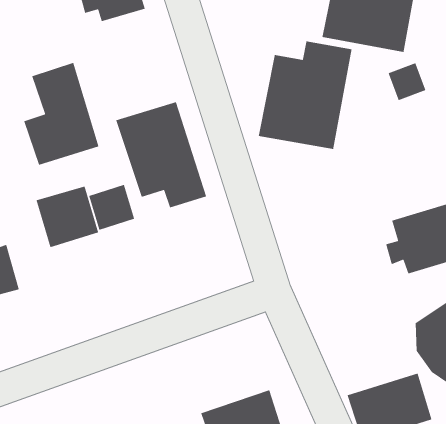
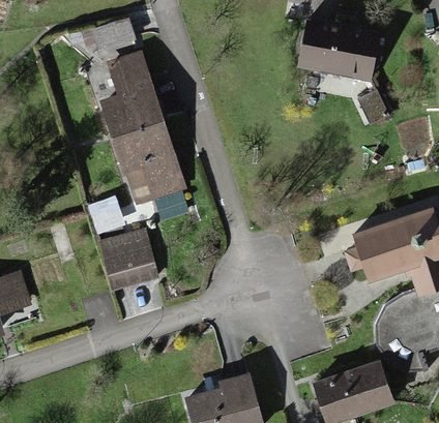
building: [258,40,353,150] -> none
building: [23,62,100,166] -> [98,51,166,142]
building: [36,186,99,248] -> [100,236,156,291]

